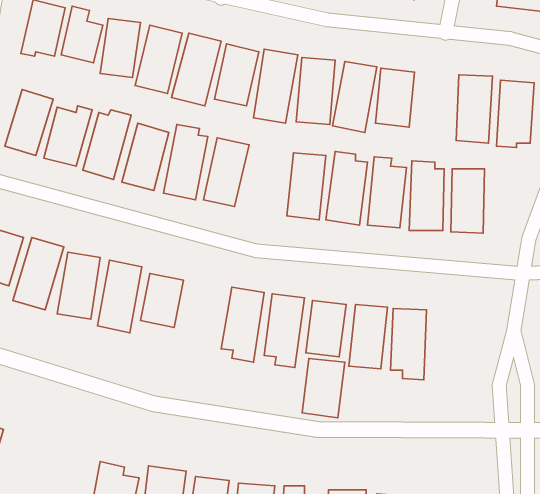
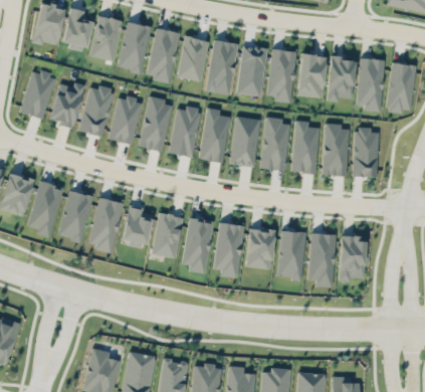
building: none -> [329,57,355,101]
building: none -> [200,108,230,163]
building: none -> [152,212,184,257]
building: none -> [340,235,366,279]
building: [302,359,345,418] -> none

